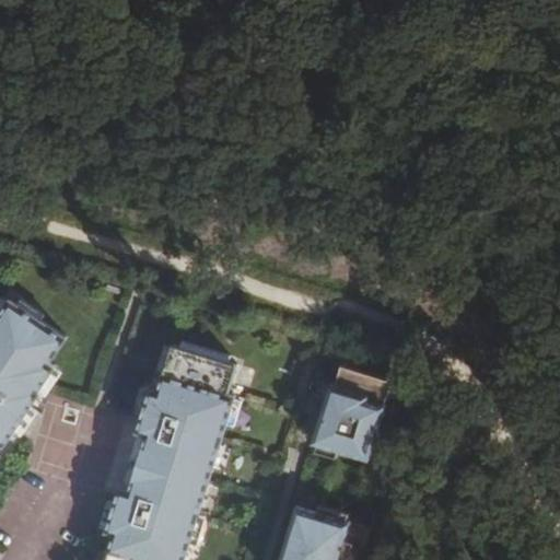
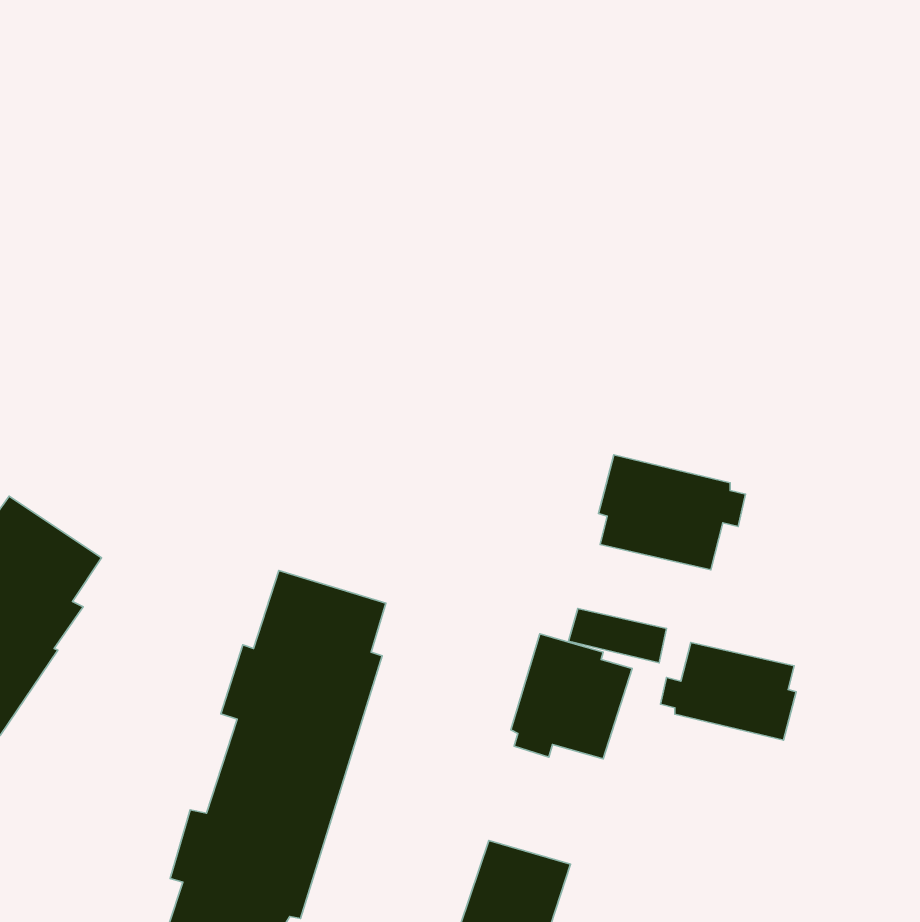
building: none -> [599,455,745,570]
building: none -> [661,642,796,740]

